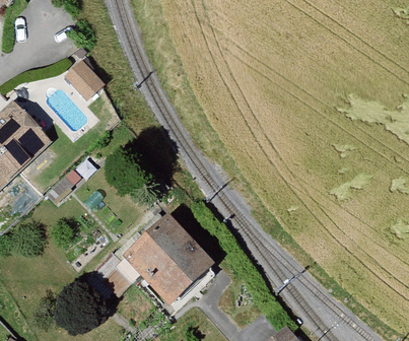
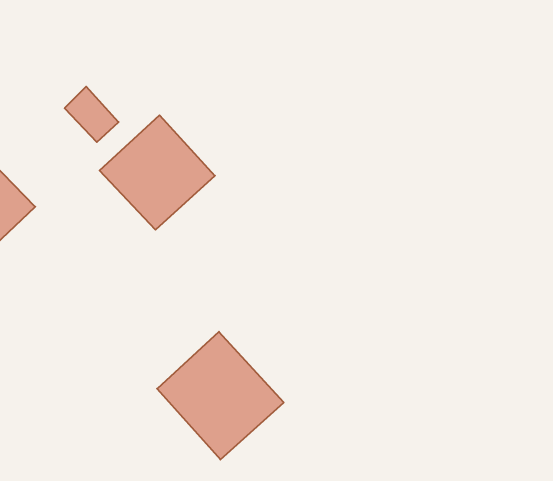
building: none -> [100,115,215,230]

